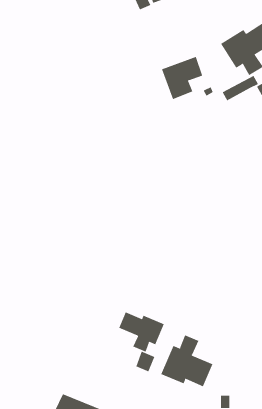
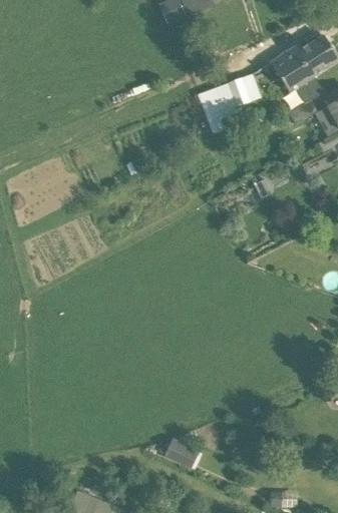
building: [118,311,165,352] -> none
building: [161,334,213,387] -> none

